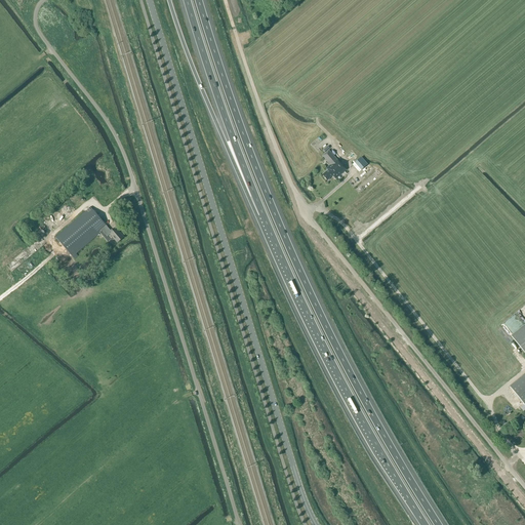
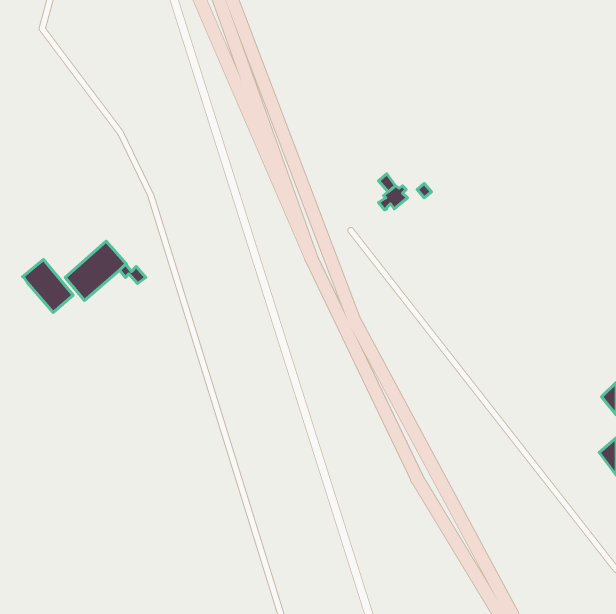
building: none -> [22,259,73,313]

